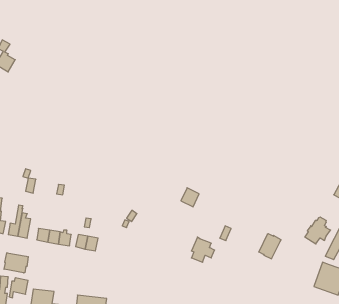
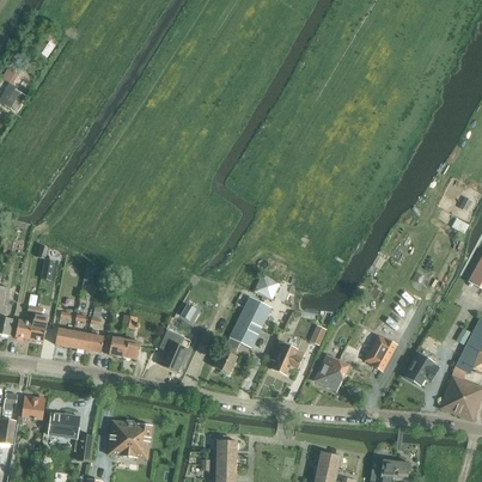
building: none -> [215,297,270,373]
building: [305,217,331,244] -> [403,348,439,385]
building: none -> [159,329,185,371]
building: none -> [313,354,348,390]
building: [4,253,28,273] -> none

